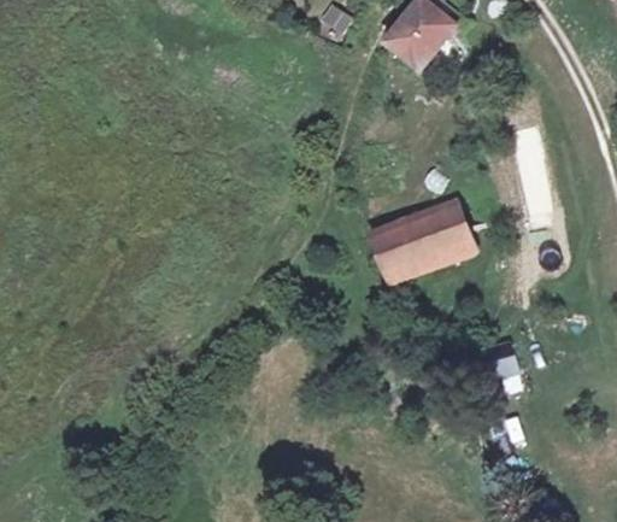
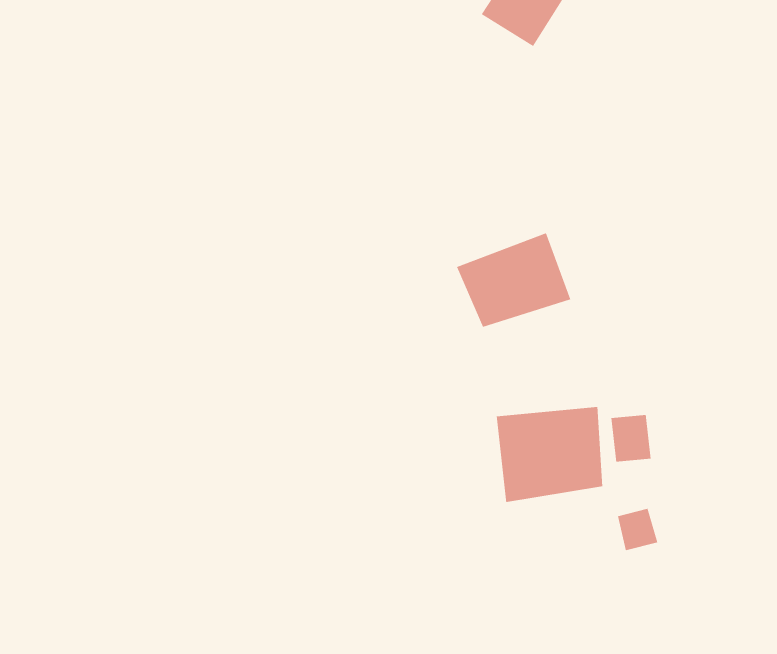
building: [434,200,475,258] -> none
building: none -> [496,406,603,503]

